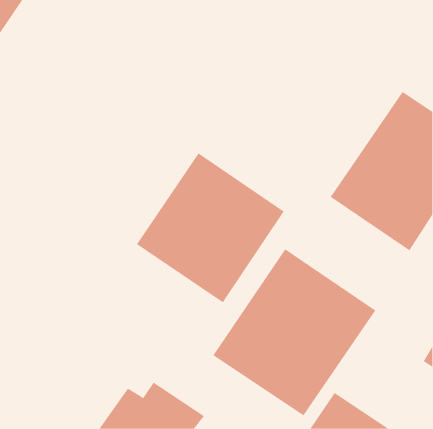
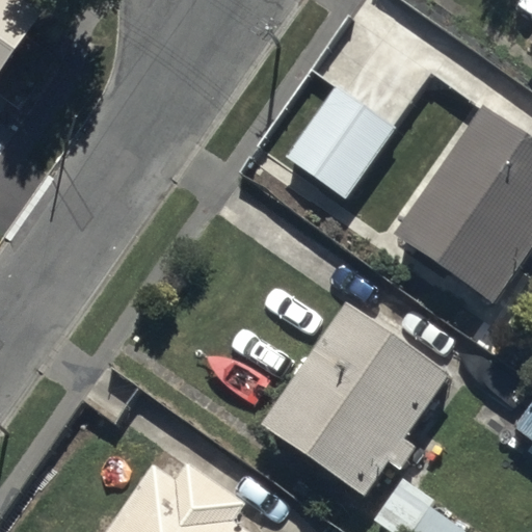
building: none -> [286,83,398,198]
building: [136,153,284,303] -> none

